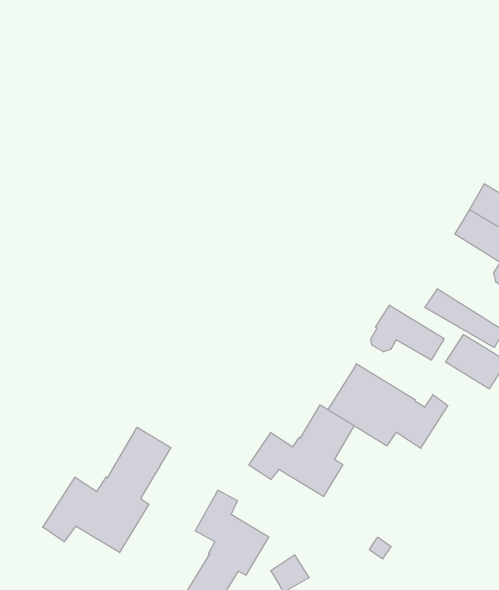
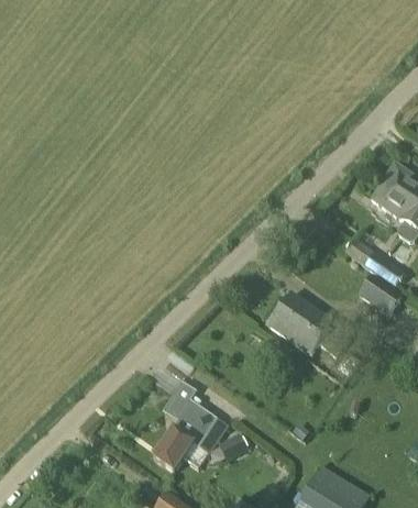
building: [371,305,444,360] -> none
building: [249,405,354,497] -> none
building: [43,427,171,553] -> none

